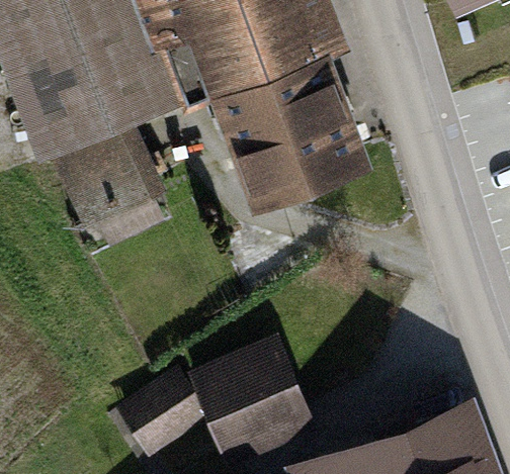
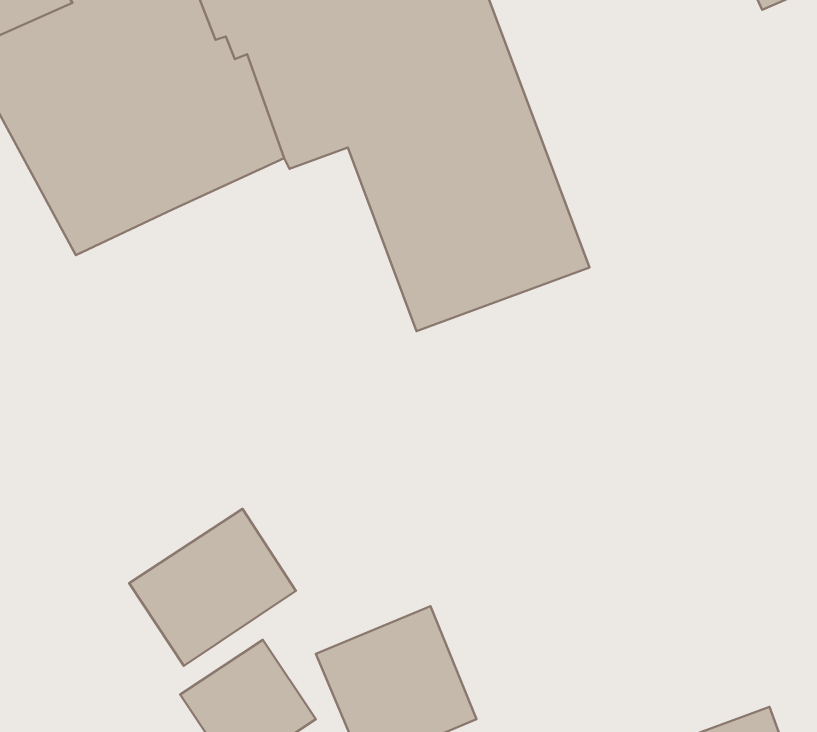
building: [68,123,162,208] -> none
building: none -> [129,509,296,666]

